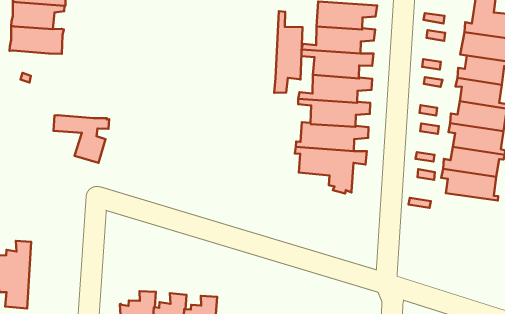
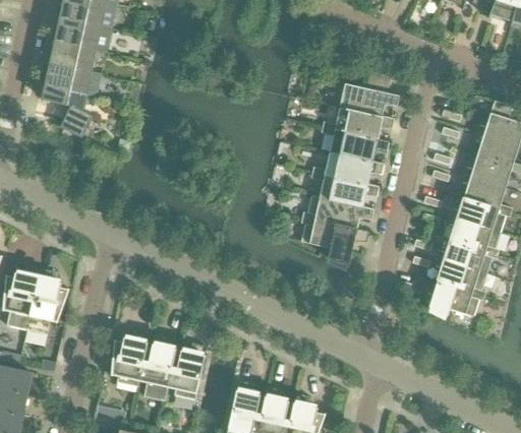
building: [274,11,302,93] -> none
building: [53,115,109,163] -> [44,86,98,137]
building: none -> [424,283,484,317]
building: none -> [26,268,69,334]

